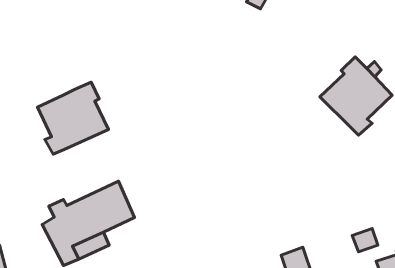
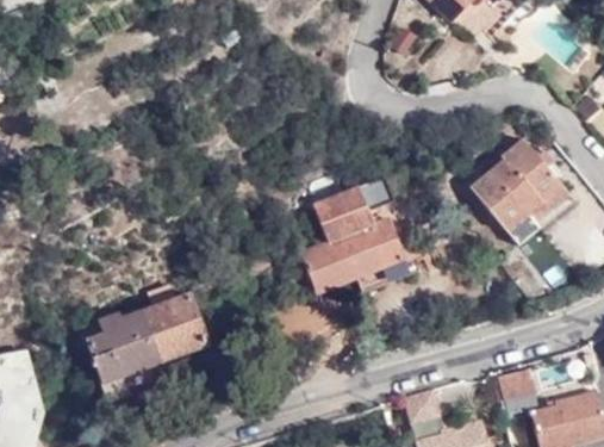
building: [38,82,108,154] -> none
building: none -> [300,186,424,299]

